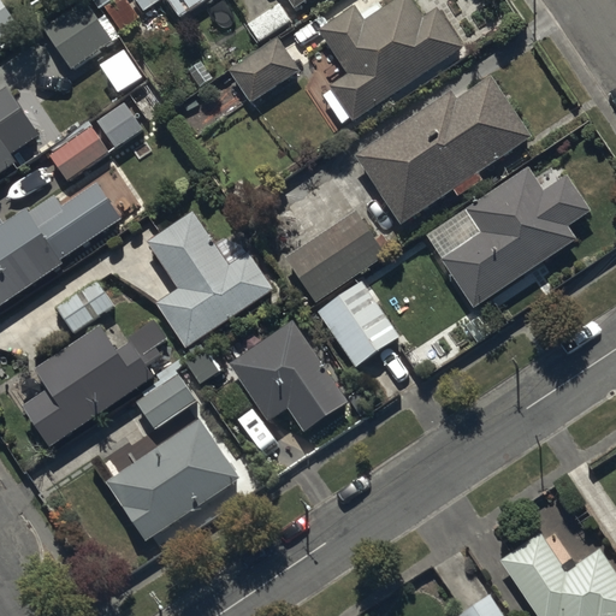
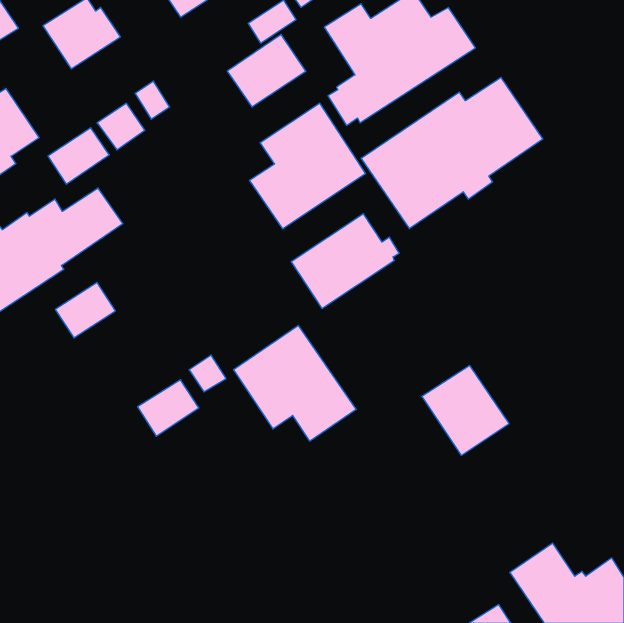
building: none -> [249,103,366,229]
building: [440,166,591,307] -> none
building: [146,209,273,346] -> none
building: [314,279,399,367] -> [422,366,509,455]
building: [24,320,166,445] -> none
building: [105,420,239,541] -> none

